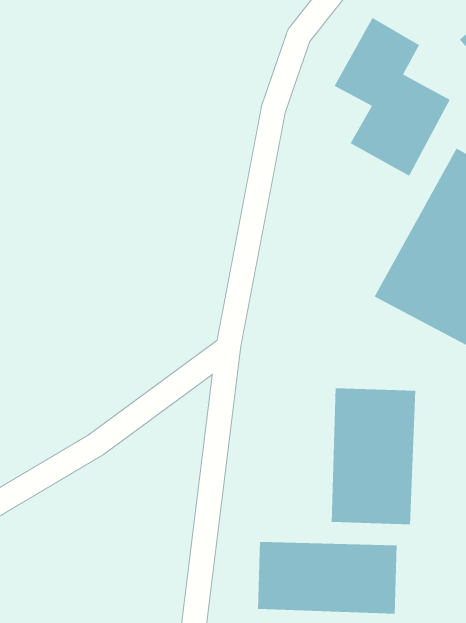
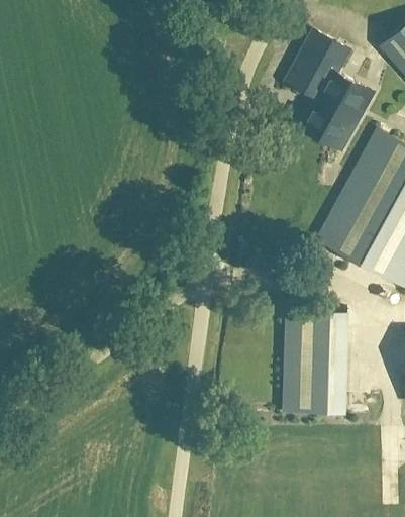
building: [257,541,398,614] -> none

